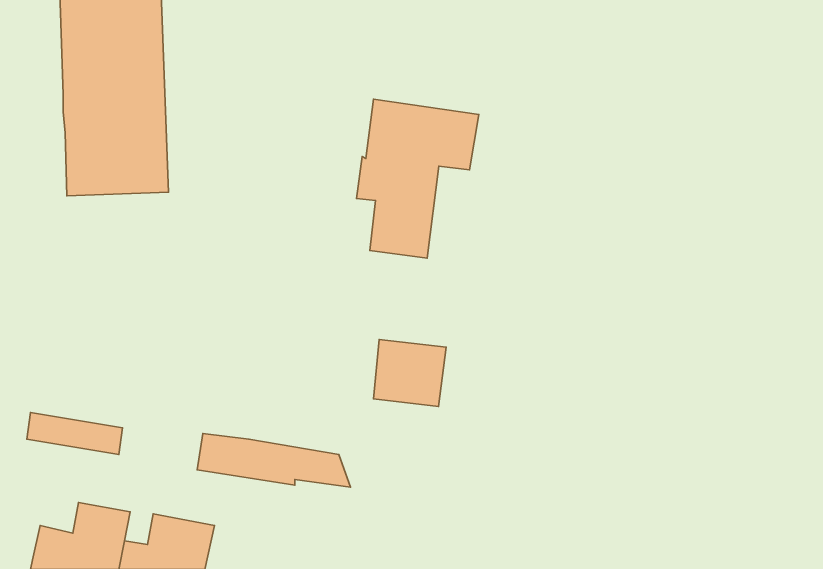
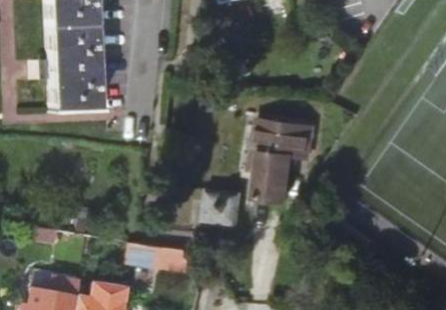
building: [356,99,479,258] -> [252,117,316,201]

